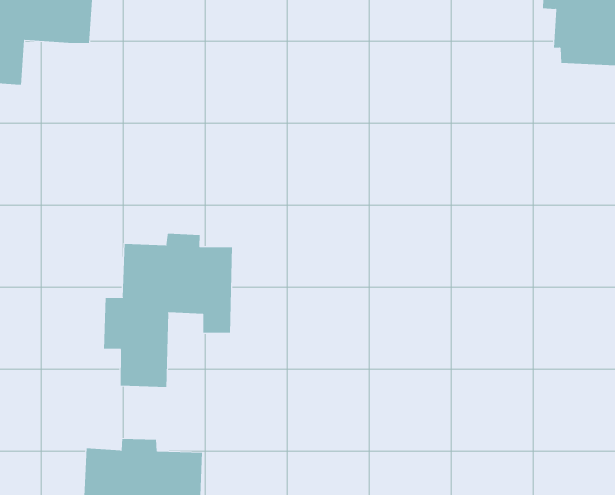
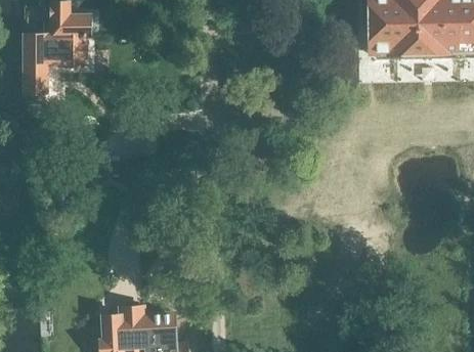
building: [103,233,233,388] -> none

